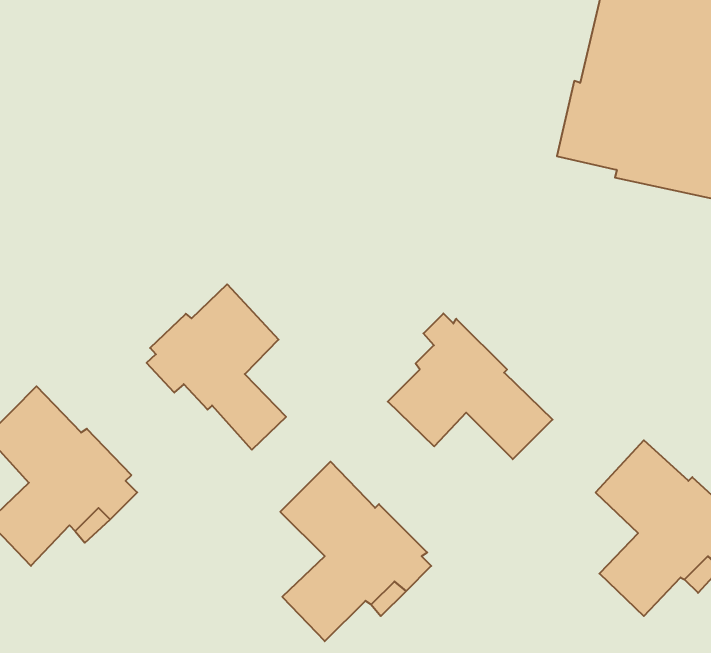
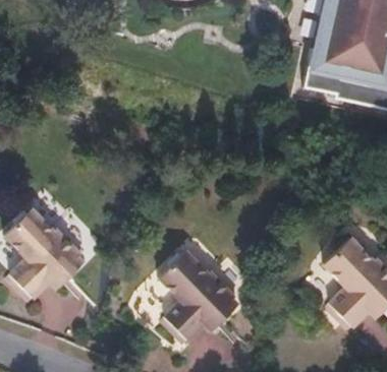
building: [147,284,286,450] -> none
building: [388,313,553,459] -> none

